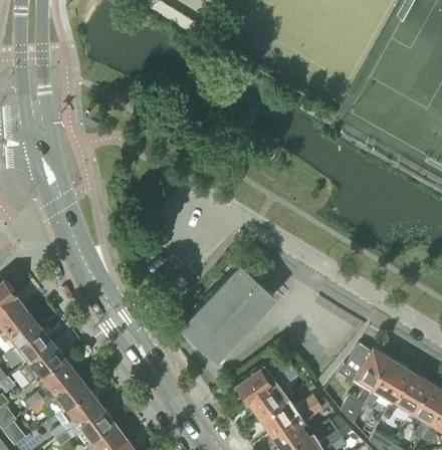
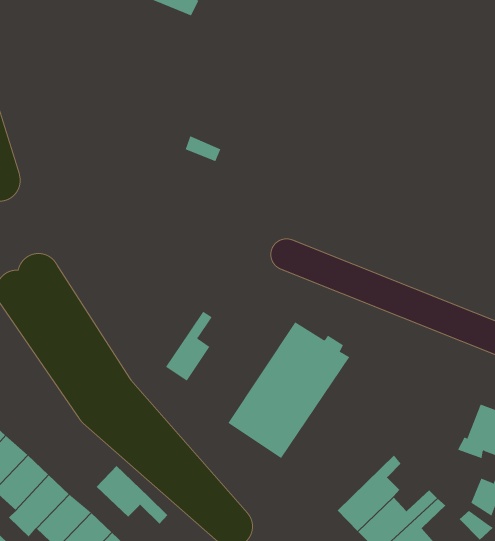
building: none -> [165,311,213,381]
building: none -> [96,465,168,525]
building: [235,363,293,401] -> none

